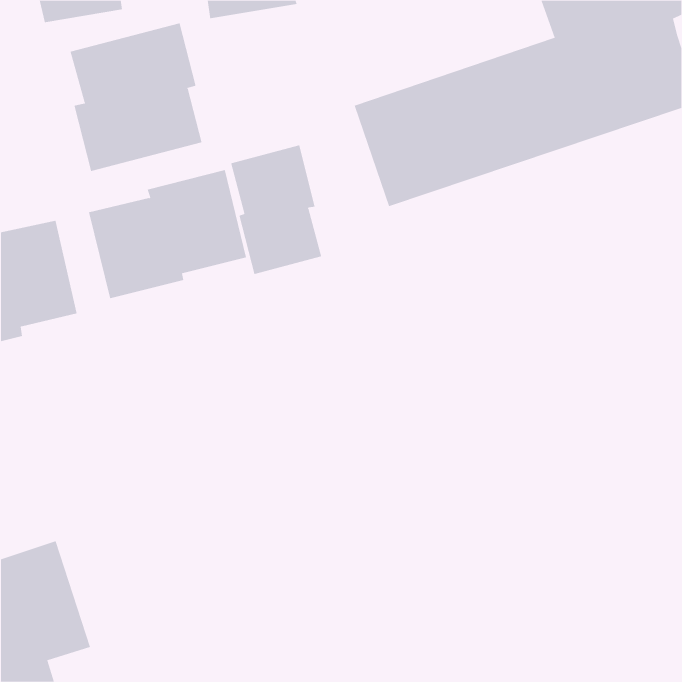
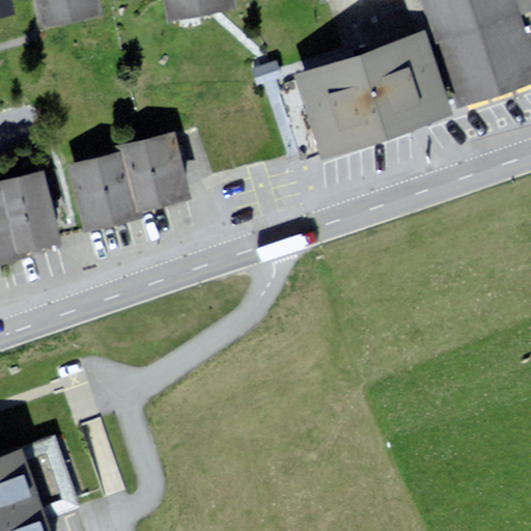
building: [70,23,202,172] -> none
building: [231,144,322,275] -> none

